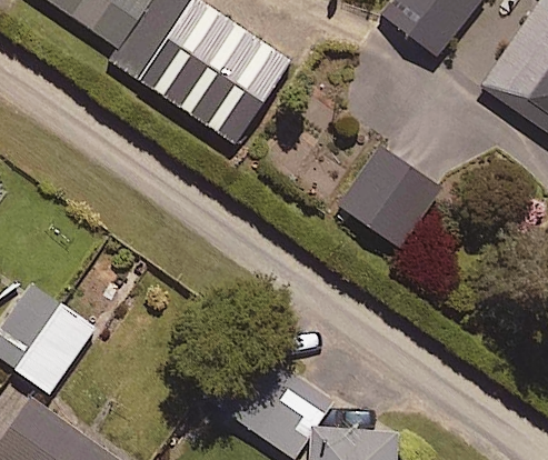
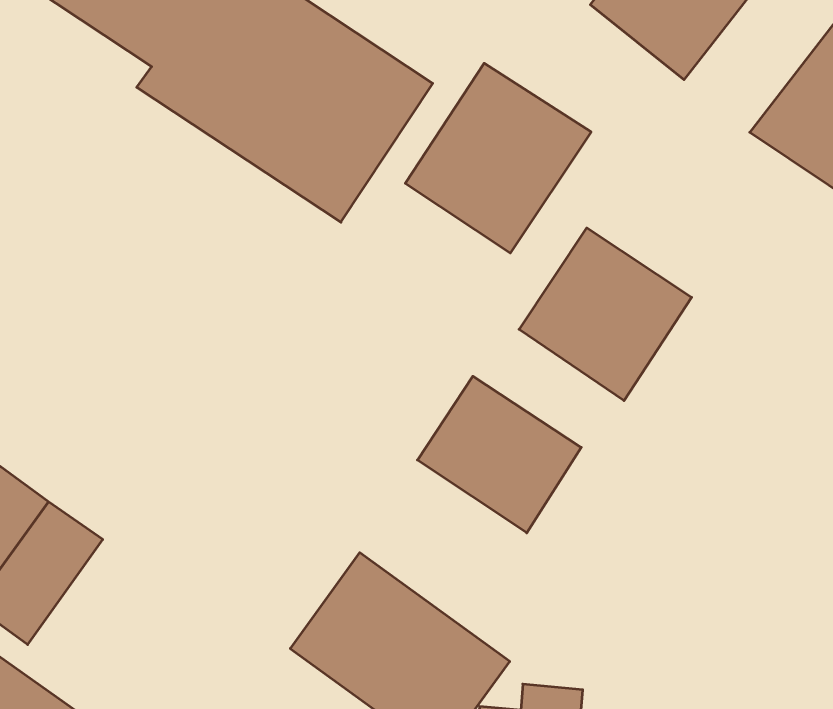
building: none -> [405,63,591,253]
building: none -> [417,376,581,533]

